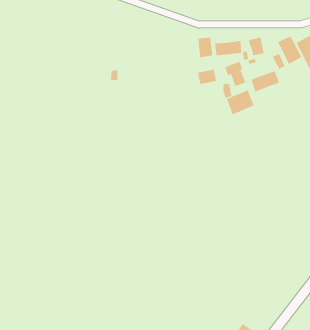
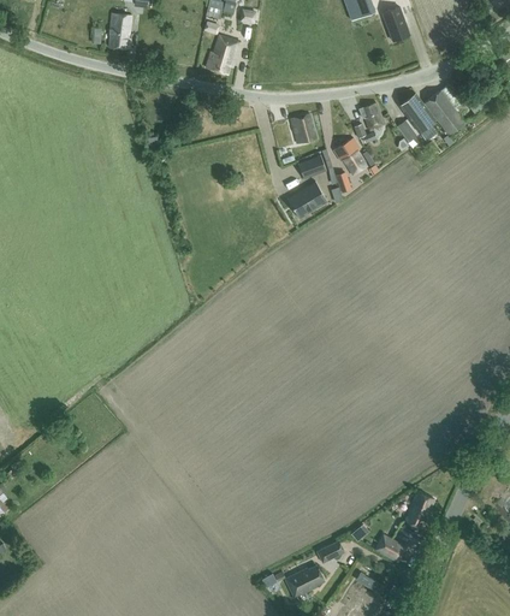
building: [214,40,242,56] -> none
building: [251,71,280,92] -> none
building: [226,89,254,115] -> [287,182,327,220]

